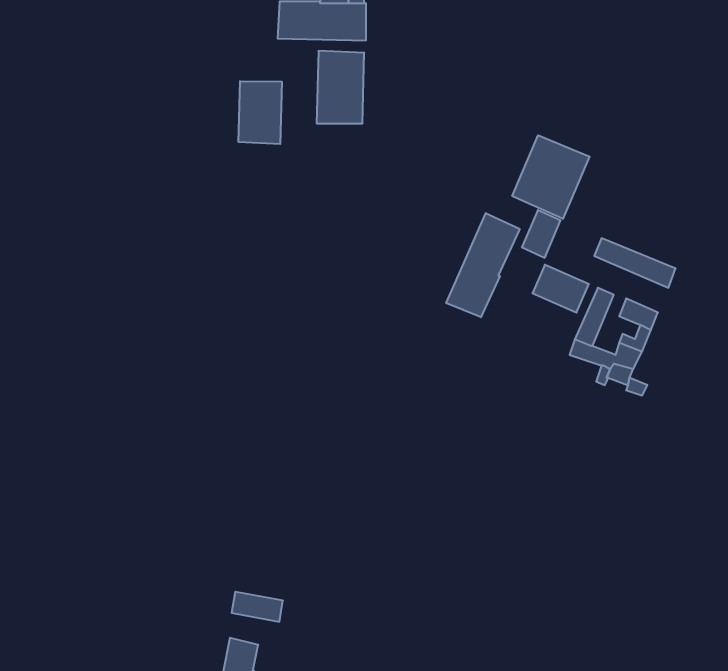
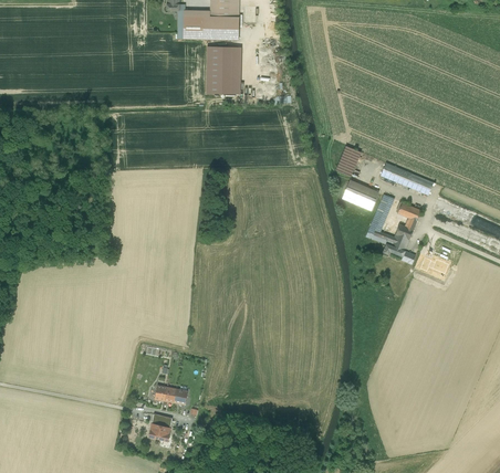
building: [239,81,282,144] -> none
building: [512,135,590,219] -> none
building: [446,213,520,317] -> none

